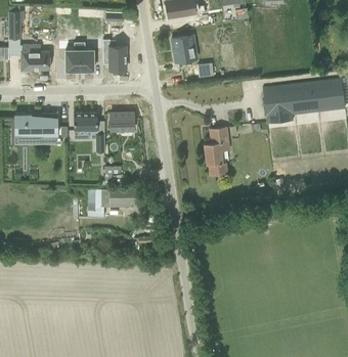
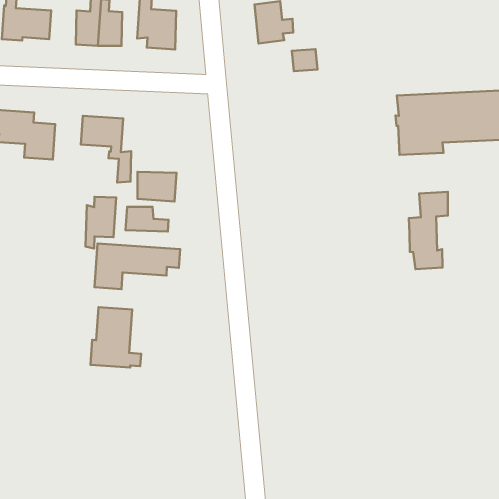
building: [110,113,133,130] -> [137,172,176,201]
building: [204,127,227,175] -> [409,192,448,269]
building: none -> [85,197,116,249]
building: none -> [91,307,141,368]

